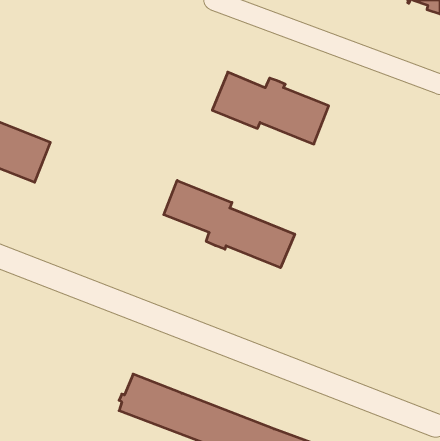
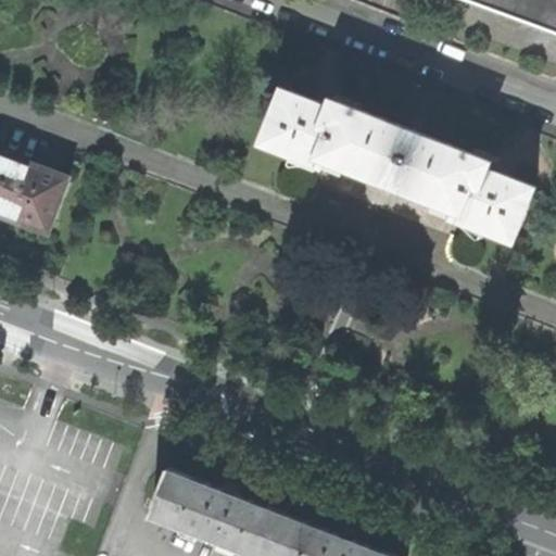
building: none -> [392,136,532,239]
building: [164,180,295,268] -> none

